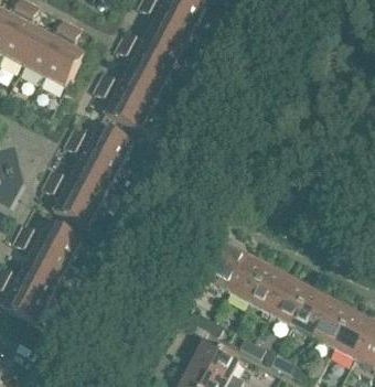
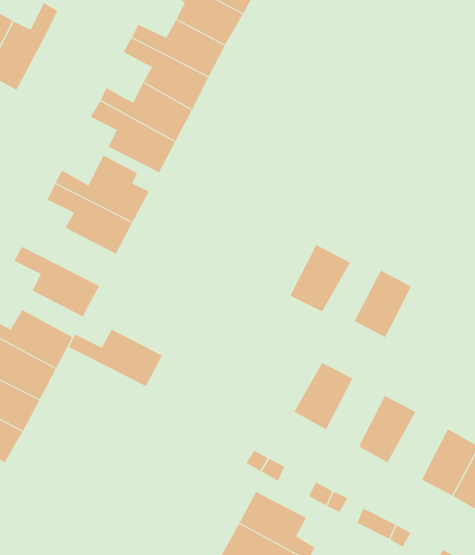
building: [44,23,84,87] -> none
building: [47,168,110,206] -> [68,329,163,387]
building: [206,245,247,290] -> [289,244,351,312]
building: [250,268,289,313] -> [354,270,412,338]
building: [291,290,331,335] -> none

